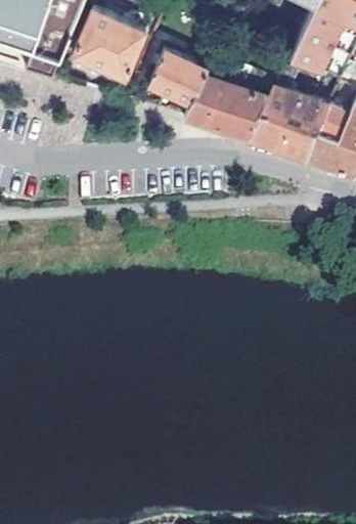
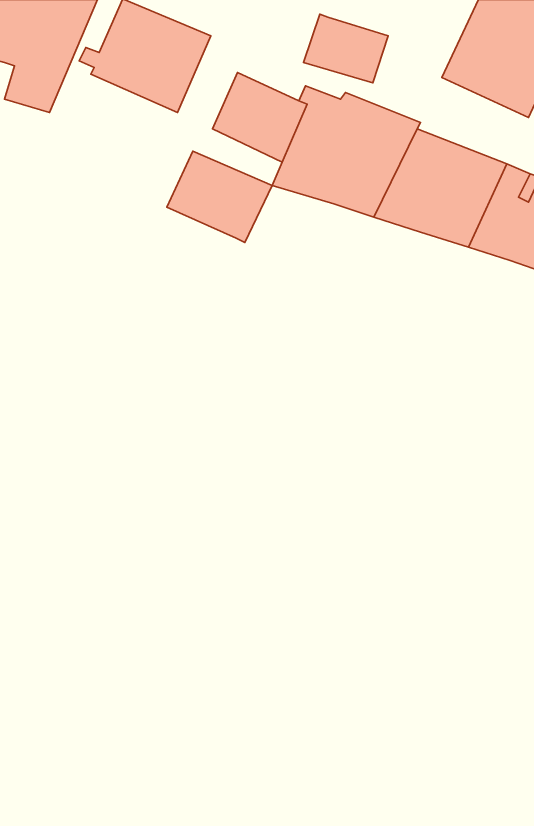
building: none -> [303,14,388,83]
building: none -> [167,151,272,243]

